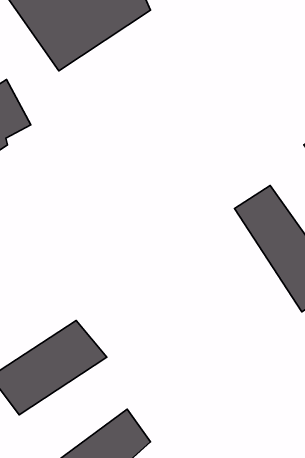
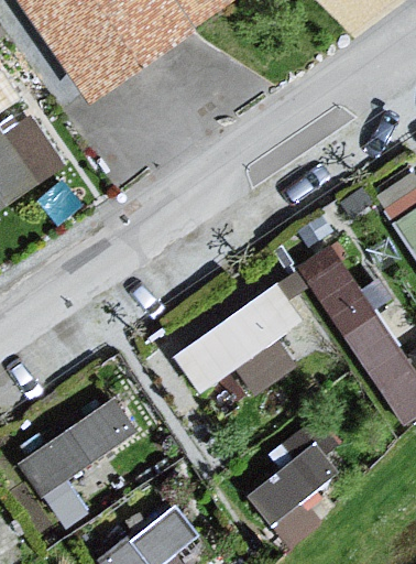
building: none -> [169,278,304,391]
building: none -> [242,436,346,525]

